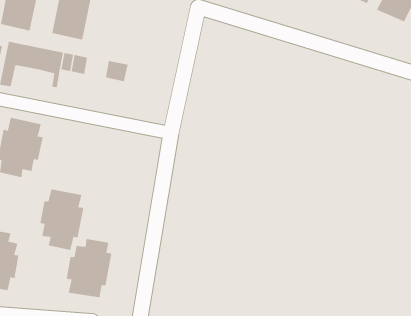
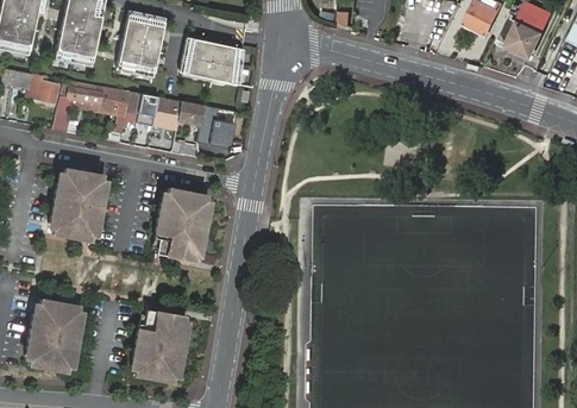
building: none -> [178,37,243,84]
building: none -> [153,98,182,130]
building: none -> [199,106,236,147]
building: [40,189,84,250] -> [157,189,209,262]

